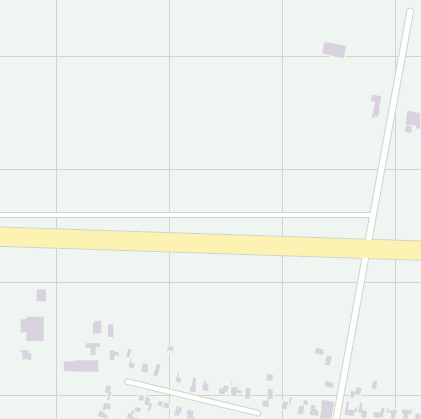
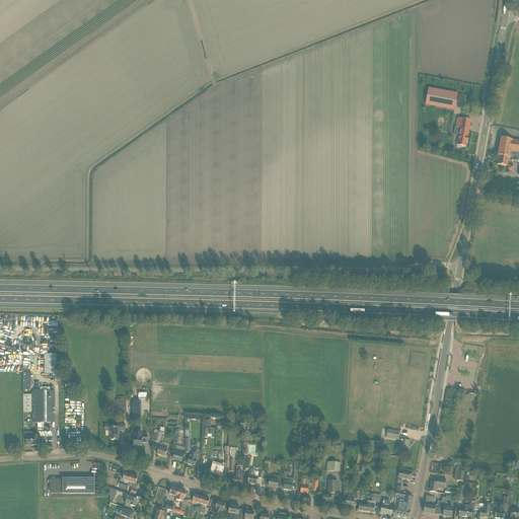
building: [321,41,347,59] -> [426,86,457,107]
building: [63,360,99,372] -> [50,476,94,492]

